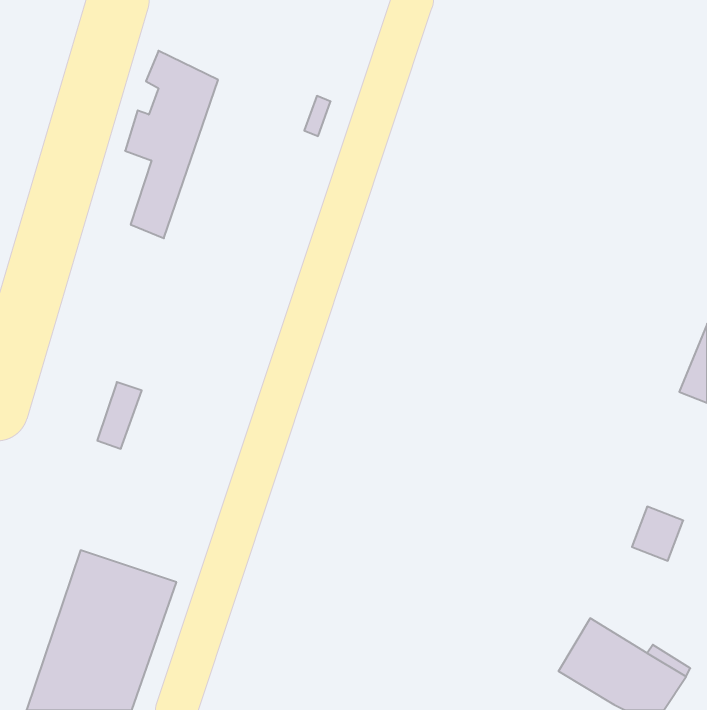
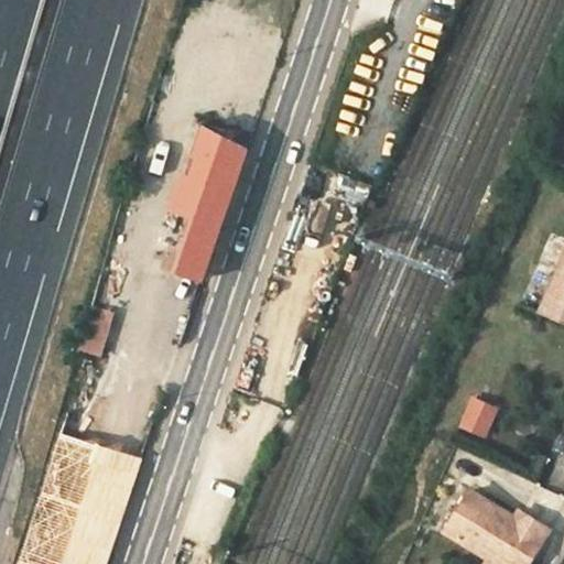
building: [125,51,218,238] -> [173,129,247,278]
building: [632,507,683,561] -> [457,394,498,437]

